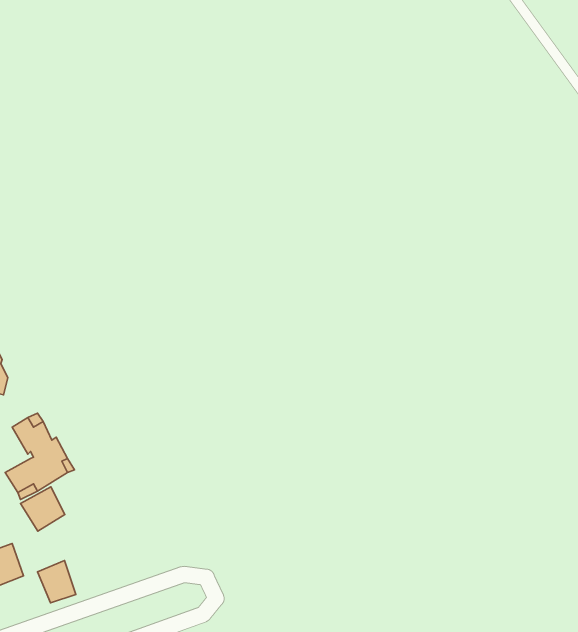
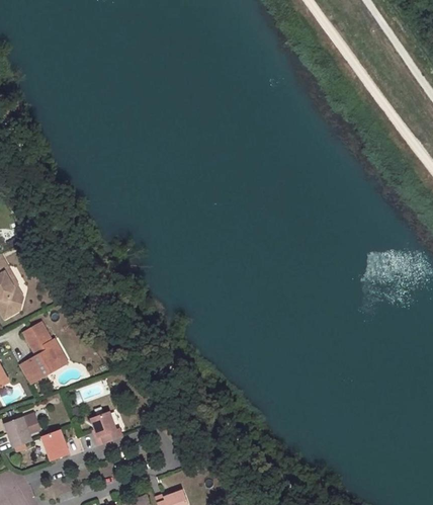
building: [20,487,65,531] -> none
building: none -> [91,412,122,446]

